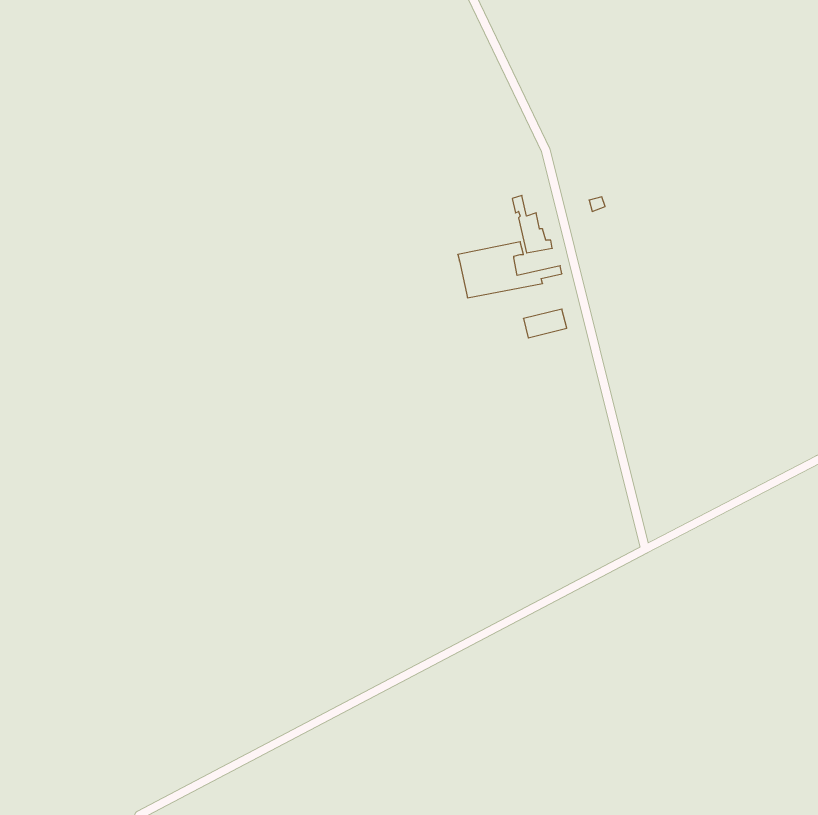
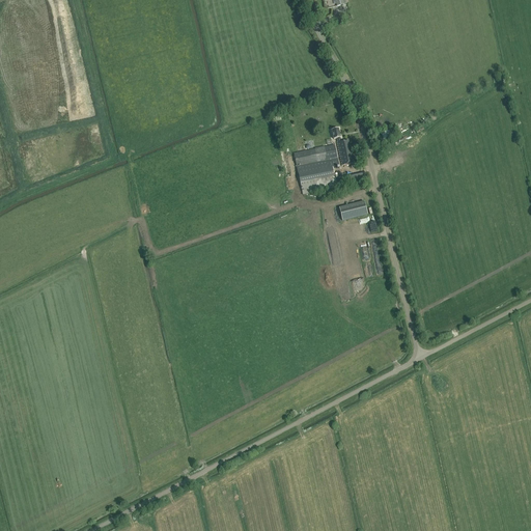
building: none -> [294,143,337,165]

